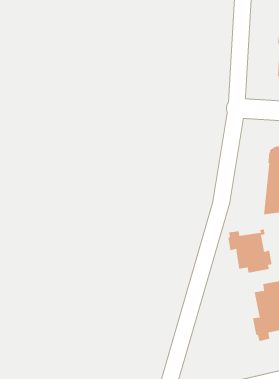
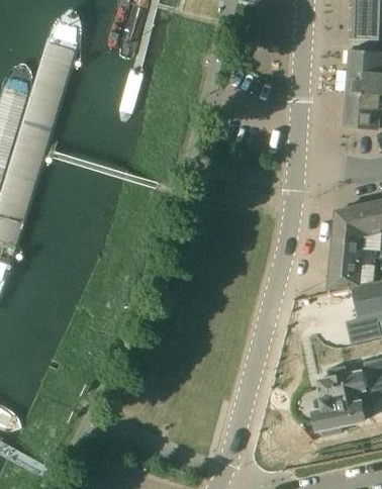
building: [228,229,272,273] -> none

